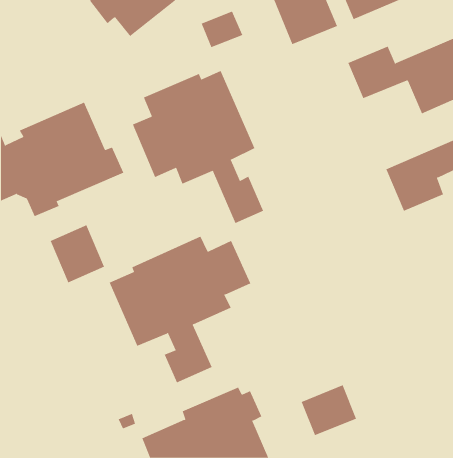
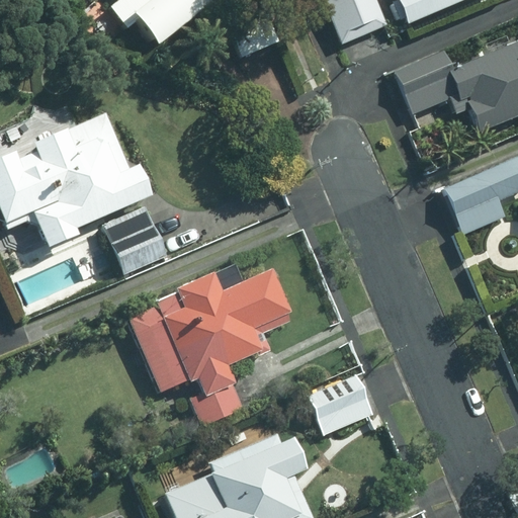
building: [132,70,264,224] -> none
building: [50,225,105,283] -> [105,206,167,272]
building: [301,385,357,436] -> [310,375,372,433]

